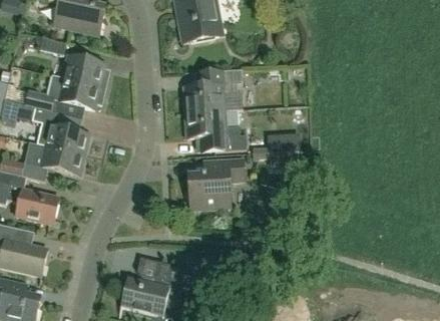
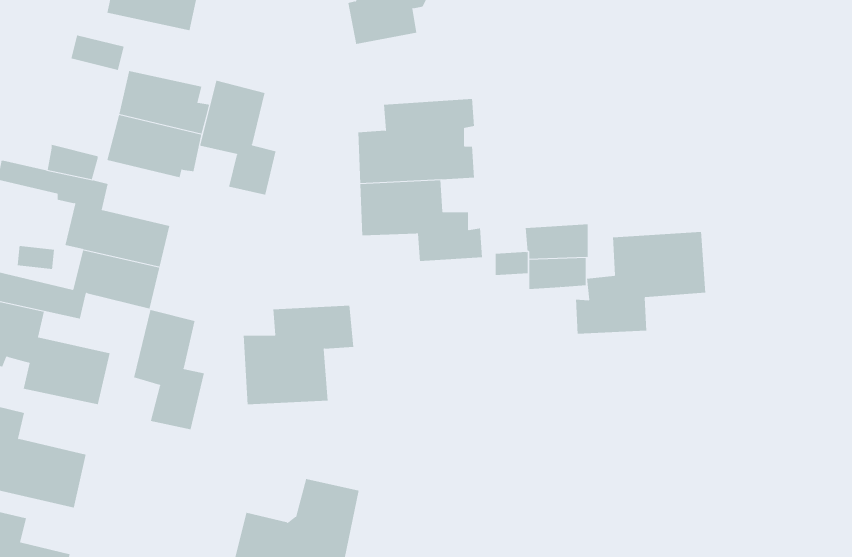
building: none -> [200,80,276,196]
building: none -> [576,231,706,335]
building: [188,159,245,210] -> [243,305,354,405]
building: none -> [133,309,204,430]

